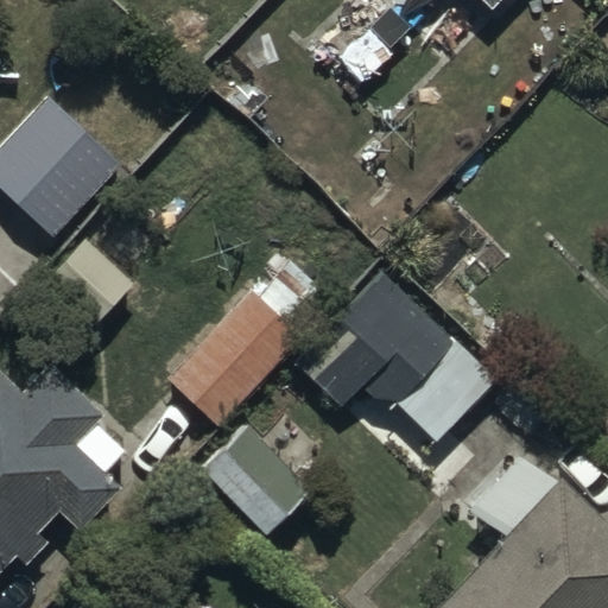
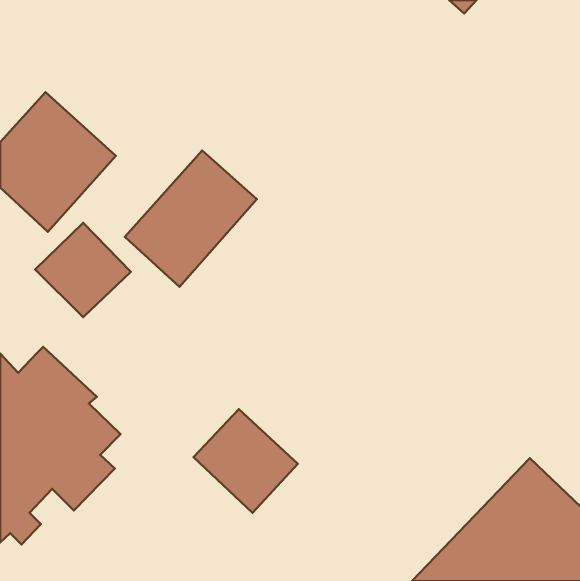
building: [304,273,455,411] -> none
building: [160,284,298,426] -> [125,150,257,287]

